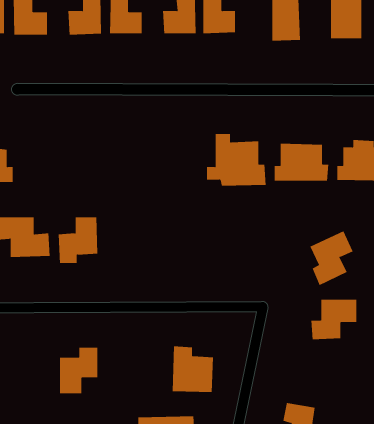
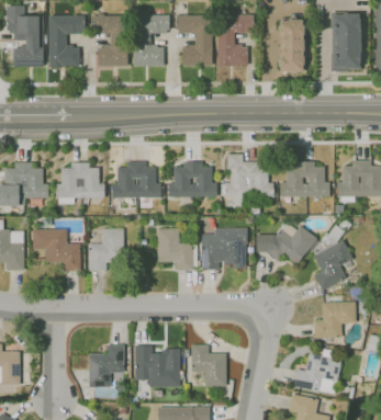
building: none -> [168,161,217,197]
building: none -> [56,162,104,204]
building: none -> [112,162,161,198]
building: none -> [201,228,247,270]
building: none -> [158,229,193,271]
building: none -> [256,232,307,261]
building: none -> [135,345,181,387]
building: none -> [294,354,340,394]

